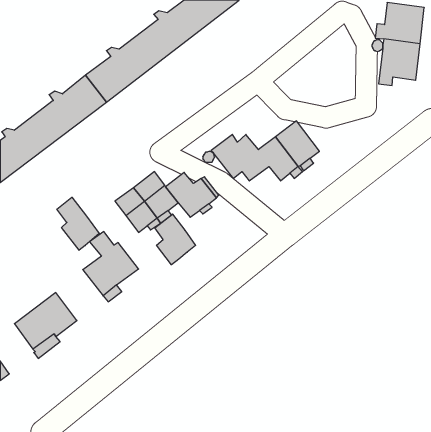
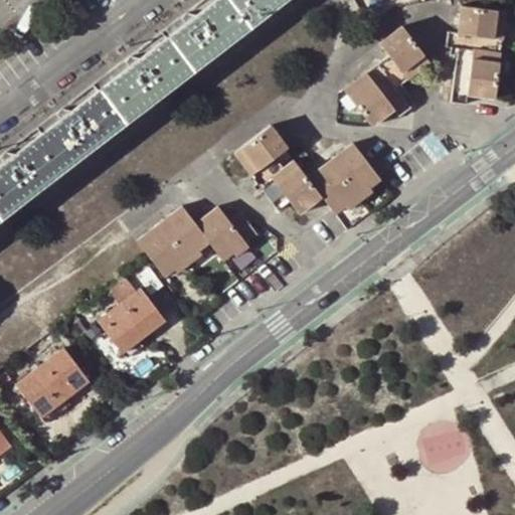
building: none -> [343,26,431,126]
building: none -> [234,127,287,179]
building: [57,197,99,250] -> none
building: [155,214,196,265] -> none

